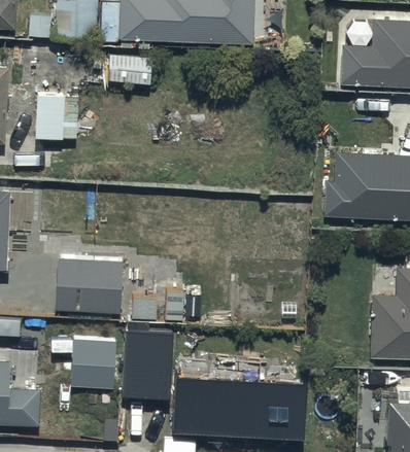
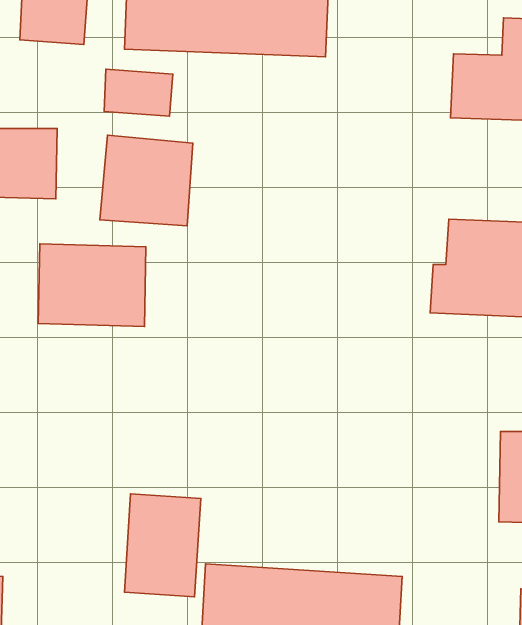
building: none -> [100,135,193,226]
building: [54,258,125,313] -> [38,244,146,327]
building: [70,341,116,391] -> none

